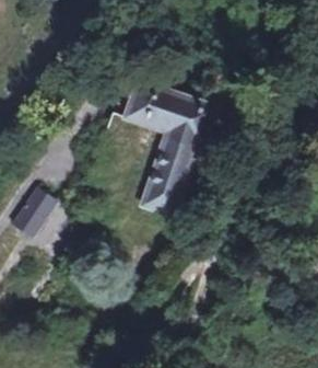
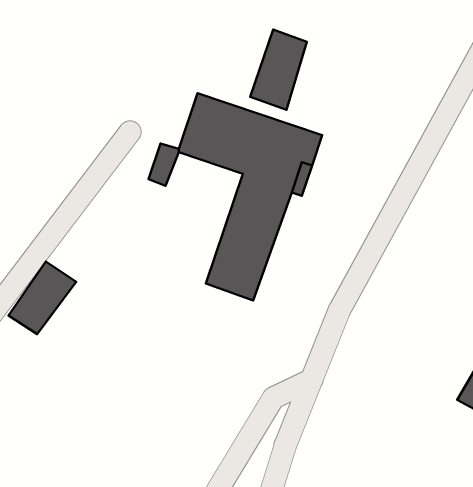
building: none -> [250,29,307,110]

